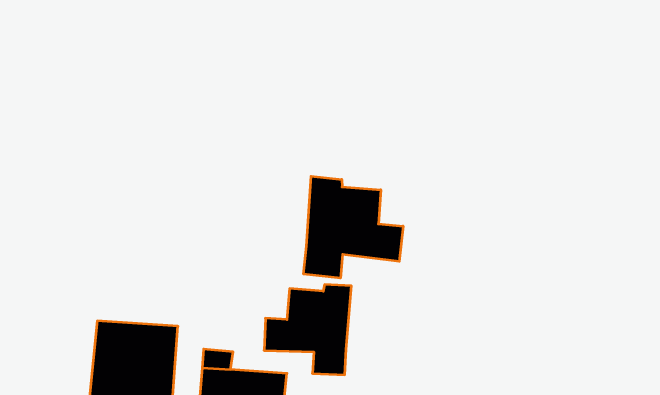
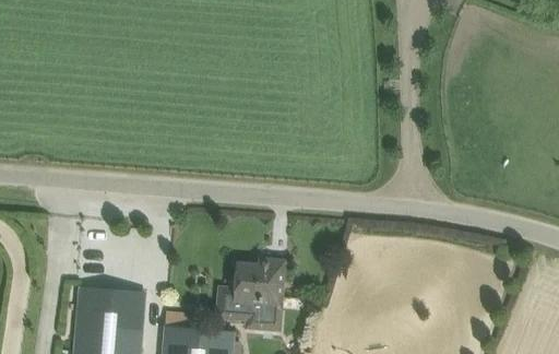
building: [304,176,403,278] -> none

